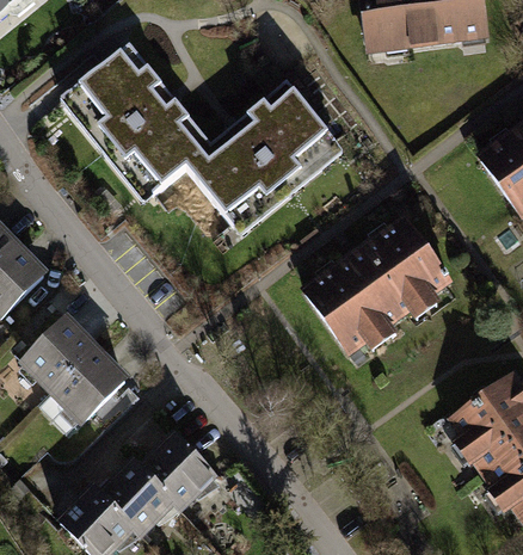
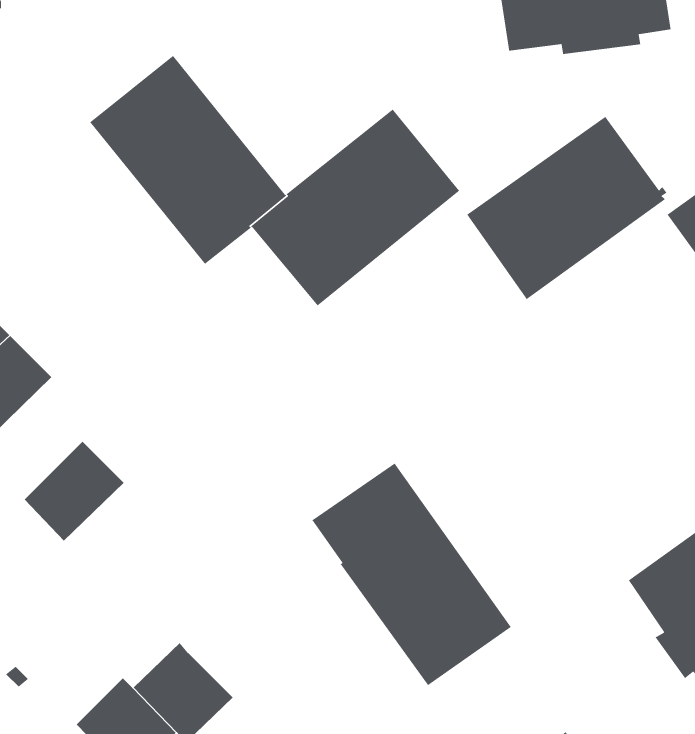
building: [306,220,449,351] -> [466,116,668,300]
building: none -> [311,463,512,686]
building: [39,349,125,432] -> none
building: [141,436,214,508] -> none

